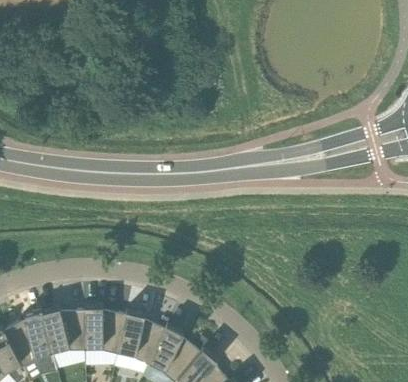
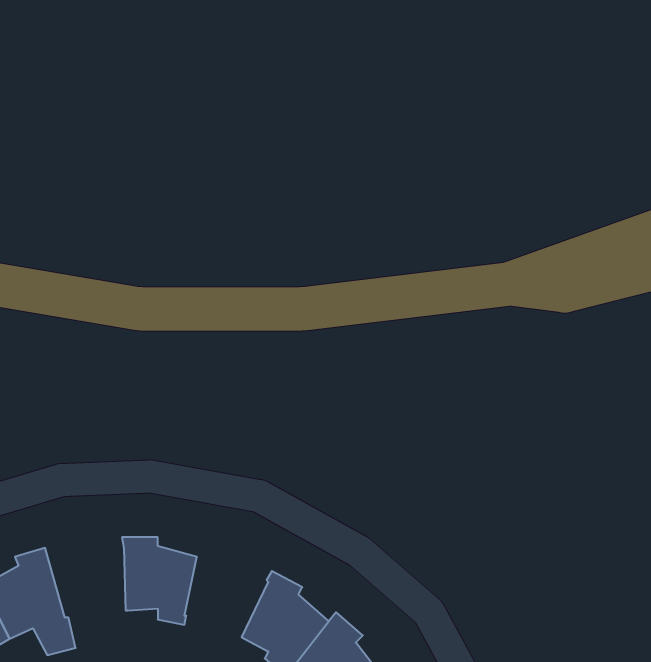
building: [40,309,86,354] -> none
building: [118,313,165,368] -> none

